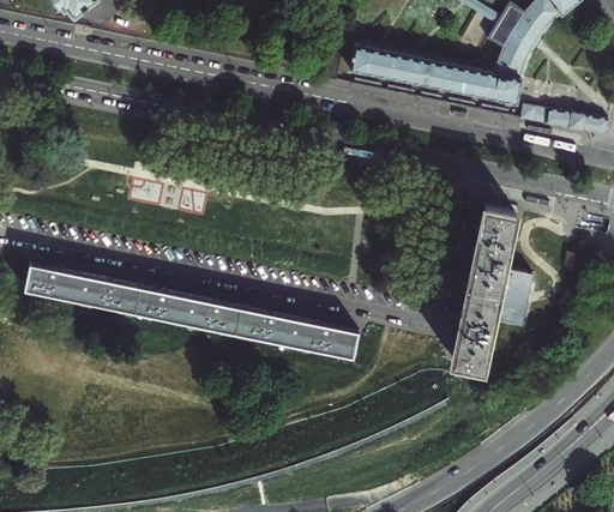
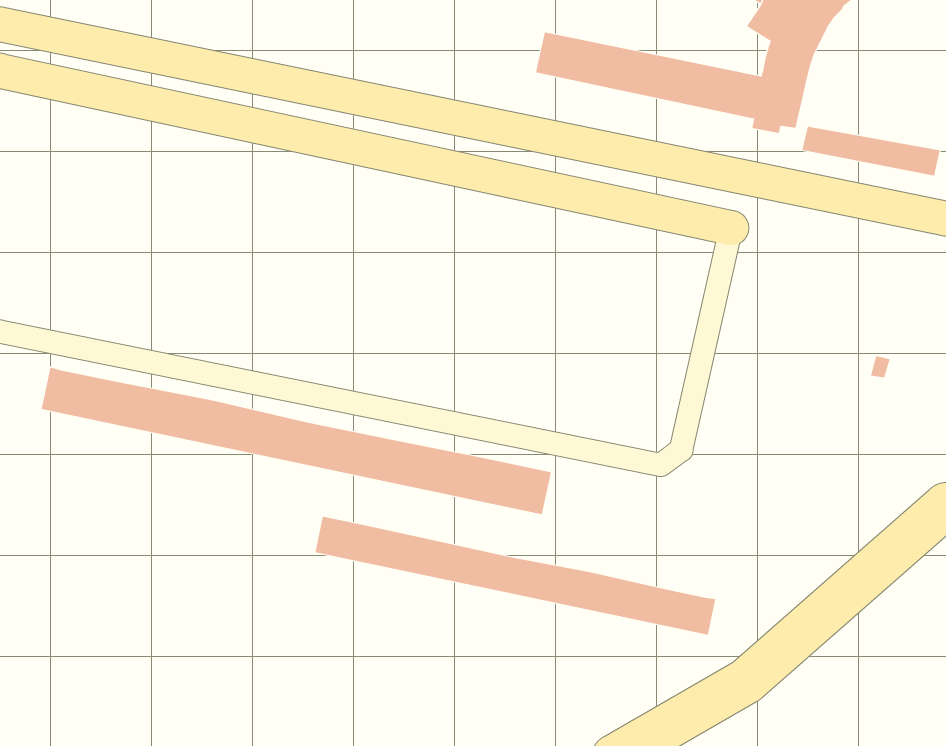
building: [453,209,534,369] -> none
building: none -> [315,516,716,635]

